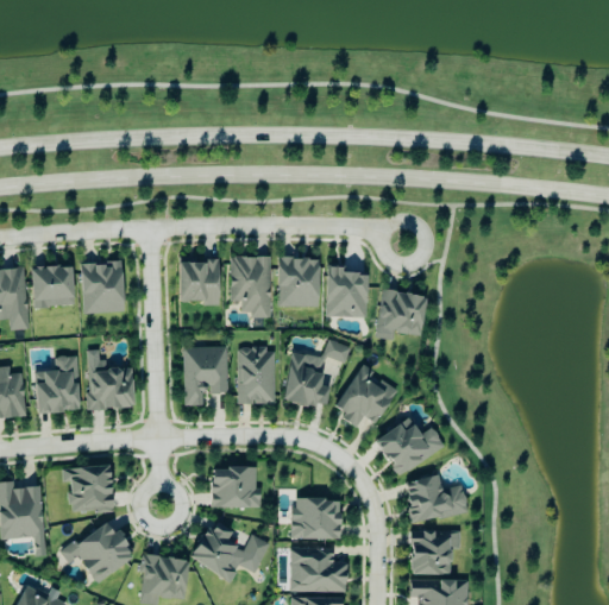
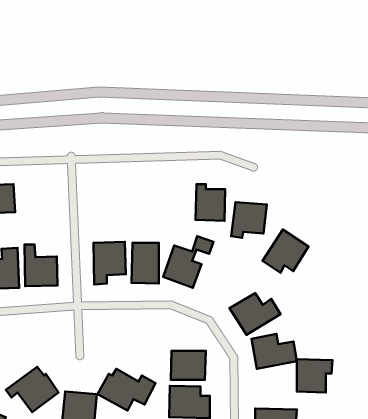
building: [178,257,219,305] -> none
building: [230,257,271,319] -> none
building: [277,258,319,308] -> none
building: [81,261,124,314] -> none
building: [333,366,397,427] -> [262,229,308,273]
building: [62,465,113,515] -> none
building: [211,467,260,508] -> none
building: [410,530,460,576] -> [297,359,333,392]

